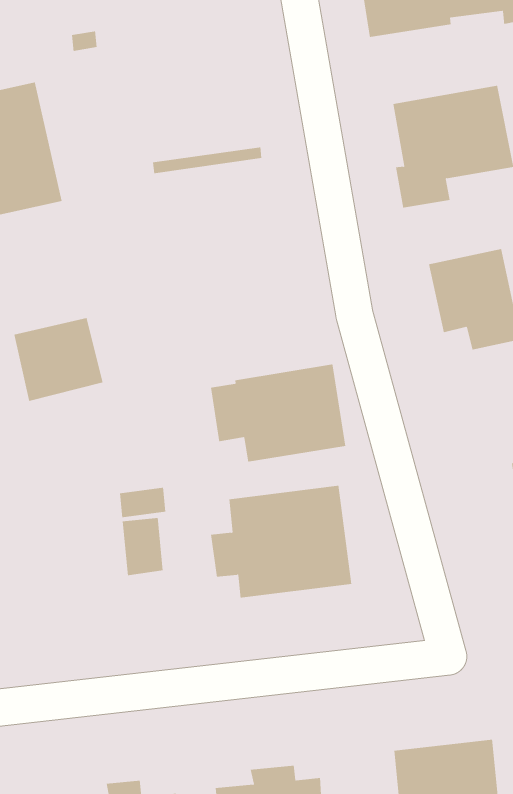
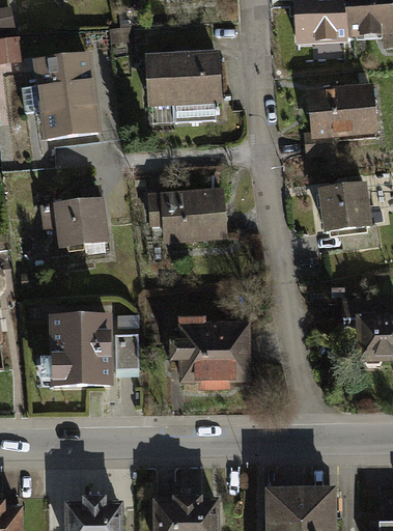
building: none -> [141,49,221,108]
building: [210,364,346,462] -> [147,189,228,245]
building: none -> [51,314,107,382]

